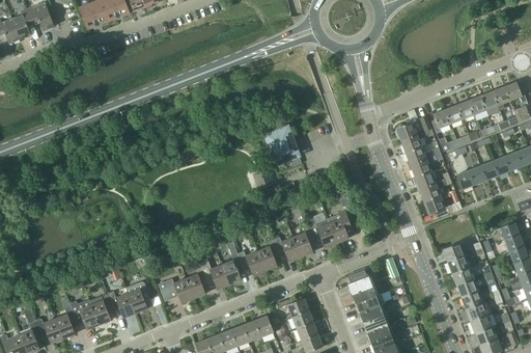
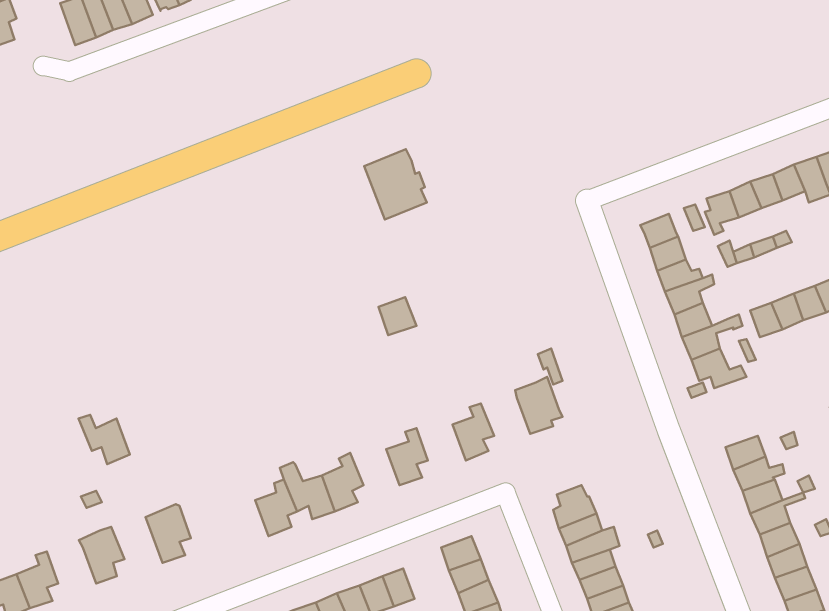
building: [264,126,299,164] -> [364,149,427,219]
building: [309,212,336,247] -> none
building: [274,237,301,261] -> none
building: [237,250,264,275] -> none
building: [159,278,193,303] -> none
building: [107,291,135,318] -> [79,415,130,464]
building: [69,299,99,329] -> none

